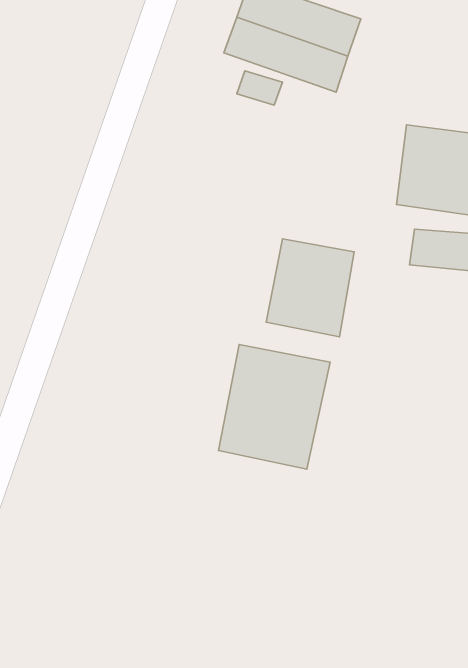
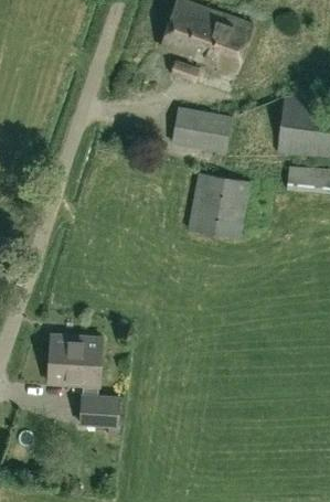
building: none -> [172,109,231,153]
building: [218,345,330,469] -> none
building: none -> [49,335,119,436]

